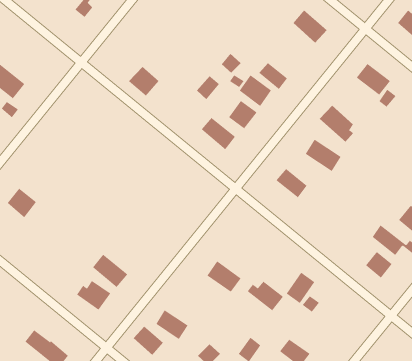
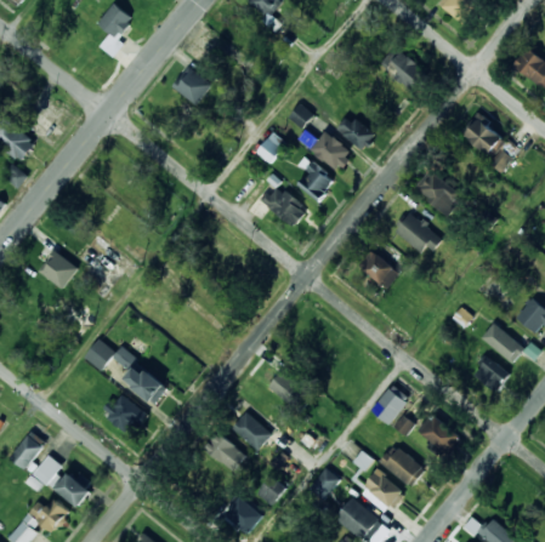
building: [128,66,159,96] -> [172,67,212,105]
building: [7,188,37,218] -> [39,251,78,290]
building: none -> [85,340,135,371]
building: [247,281,284,311] -> [379,449,426,487]
building: none -> [419,416,453,447]
building: none -> [11,432,45,469]
building: [133,326,164,356] -> [232,412,272,451]

